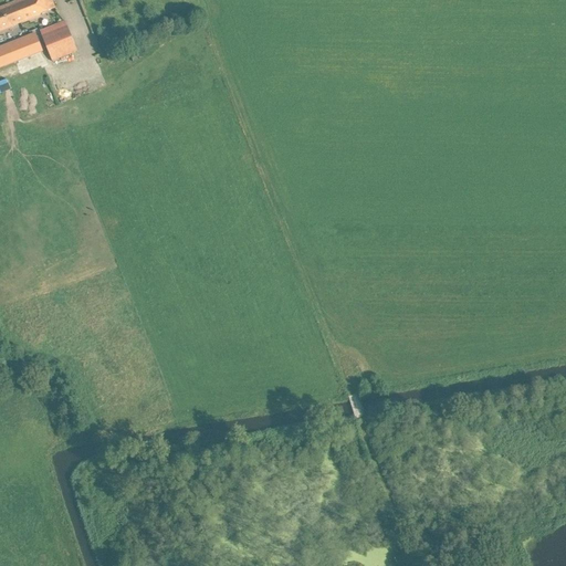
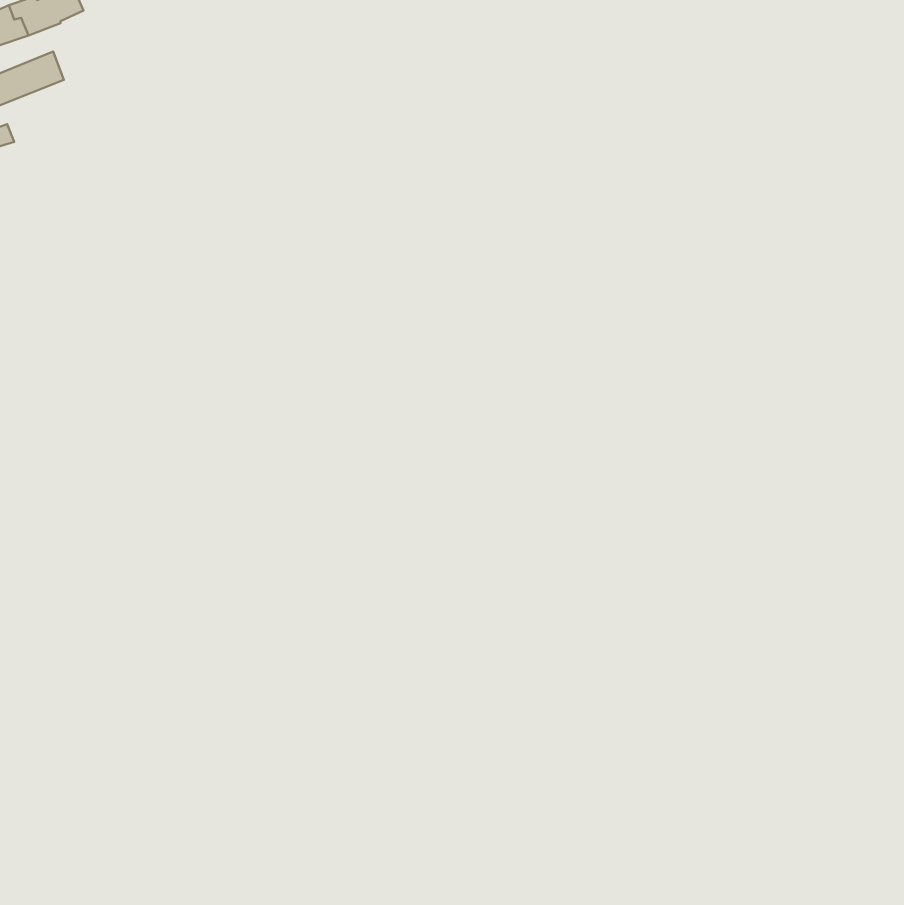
building: [39,21,75,60] -> none

